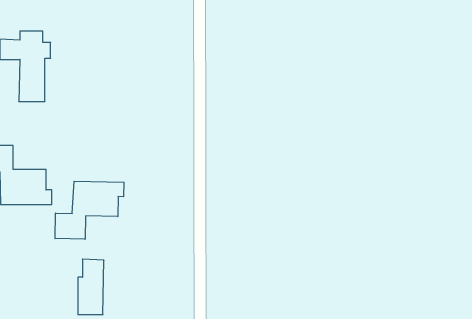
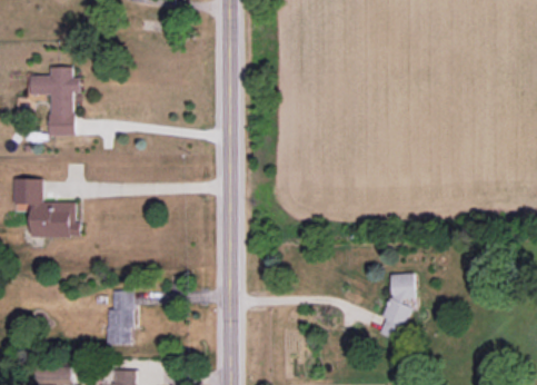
building: [55,181,124,239] -> none
building: none -> [379,274,415,339]

